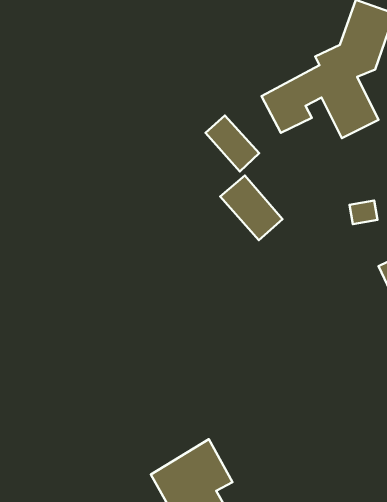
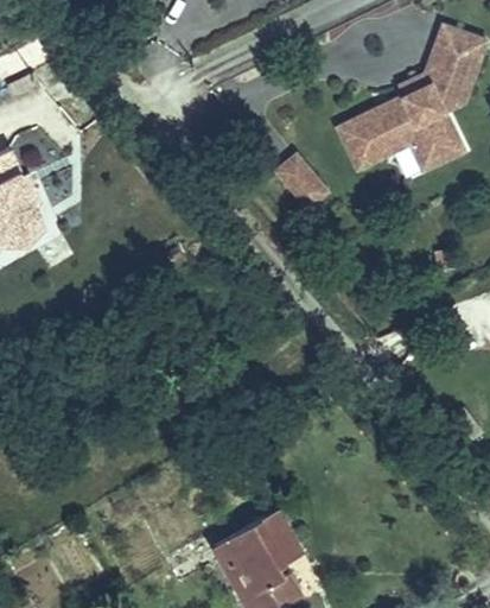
building: [220,176,282,240] -> none

